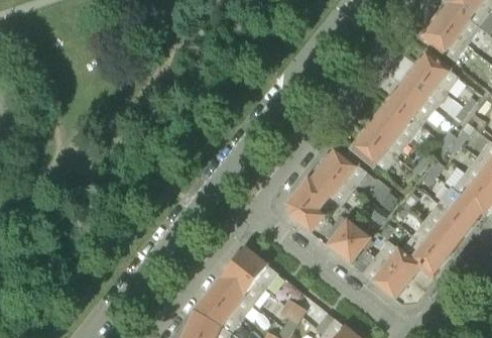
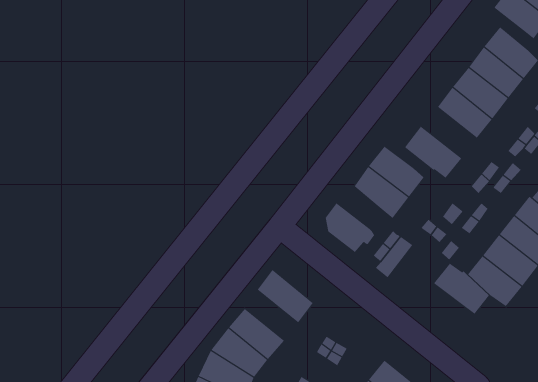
building: [363,115,408,156] -> none
building: [295,177,330,213] -> none
building: [337,226,370,262] -> none
building: [361,256,406,298] -> none
building: [220,261,265,303] -> none

